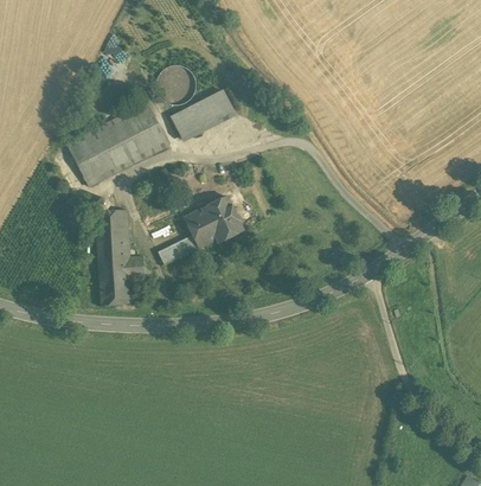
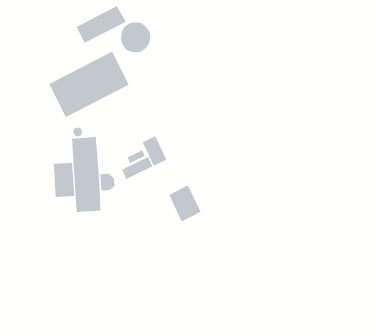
building: [171,90,235,139] -> [76,5,127,44]
building: [201,196,243,243] -> [168,185,201,222]
building: none -> [53,162,75,198]

